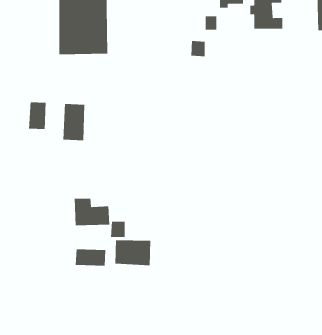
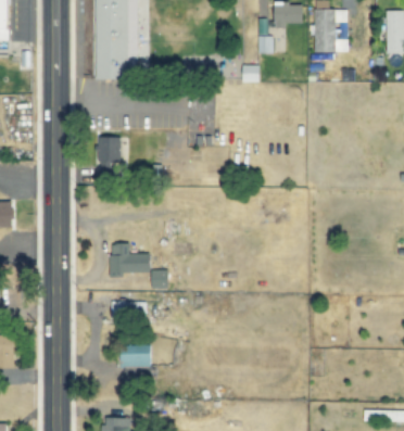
building: [29,101,46,130] -> none
building: [115,239,151,266] -> none
building: none -> [121,353,150,369]

